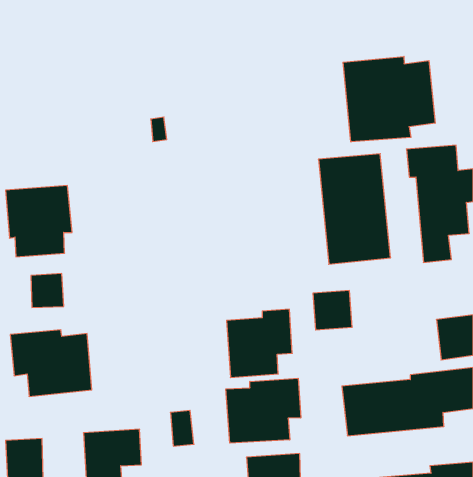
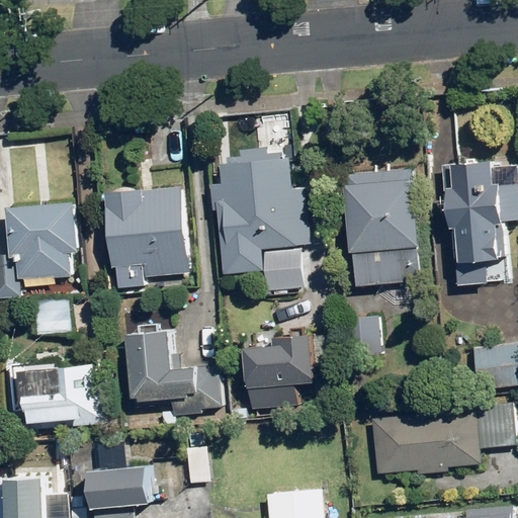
building: [343,56,435,142] -> none
building: none -> [200,159,309,293]
building: none -> [105,186,189,288]
building: none -> [126,331,223,416]
building: [226,378,301,443] -> none

